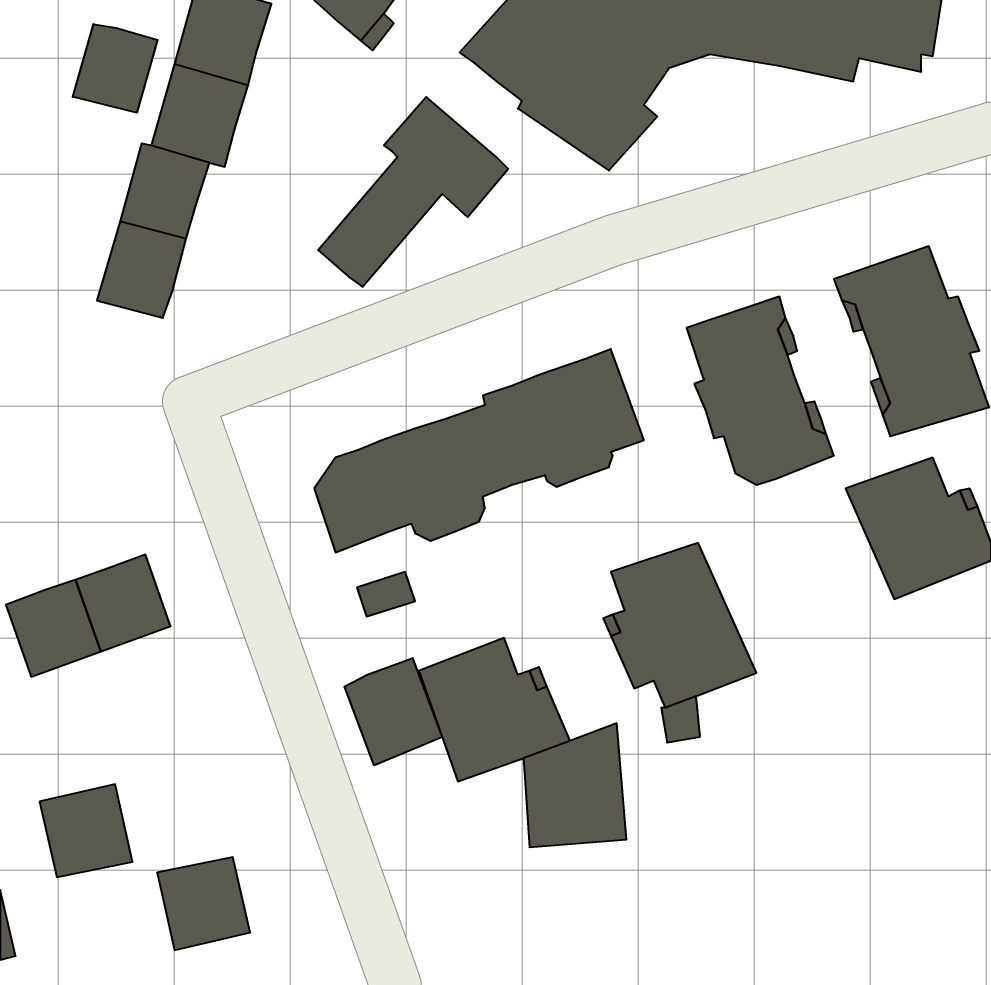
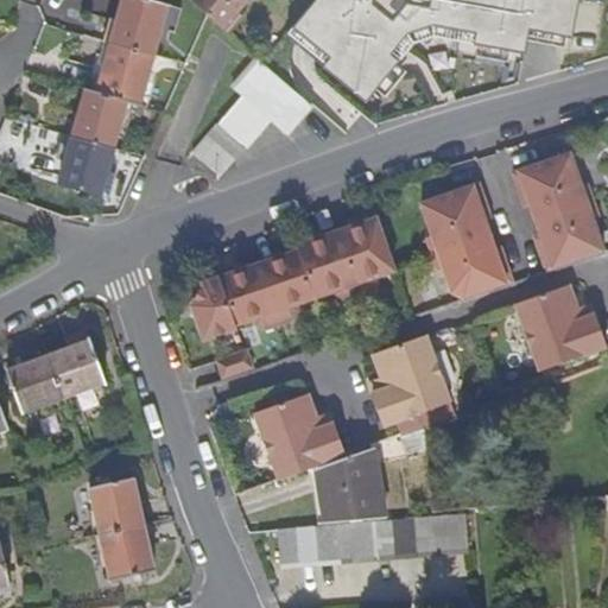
building: [73,24,158,113] -> none
building: [345,658,442,765] -> none
building: [40,784,133,877] -> [86,477,142,534]
building: none -> [278,514,468,564]

